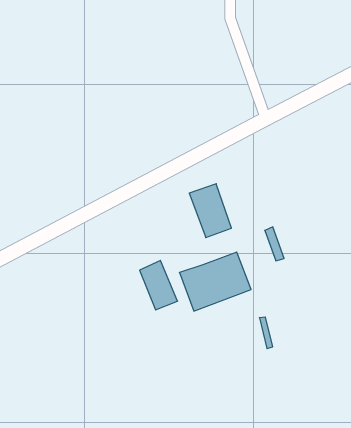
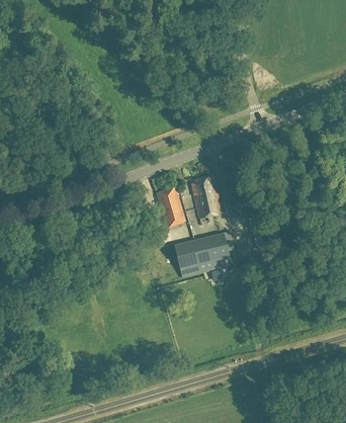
building: [140,260,178,310] -> [156,185,184,226]

